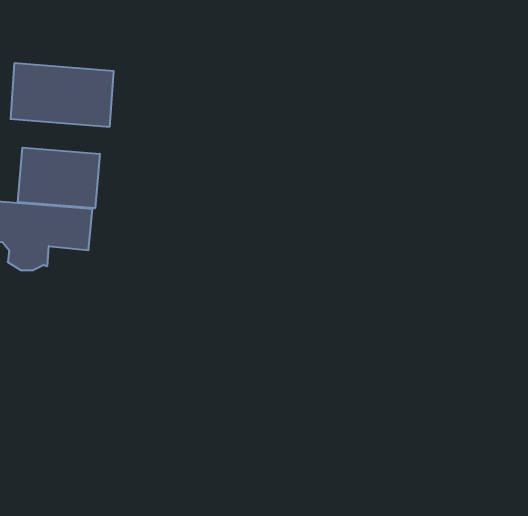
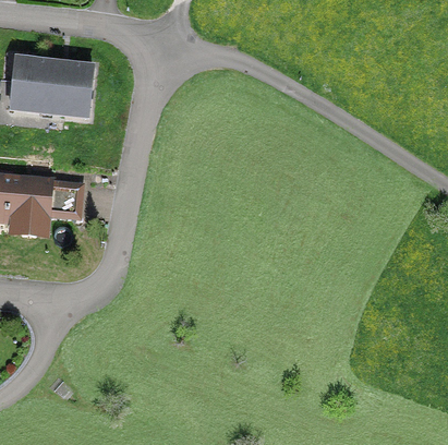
building: [18,148,100,208] -> none

